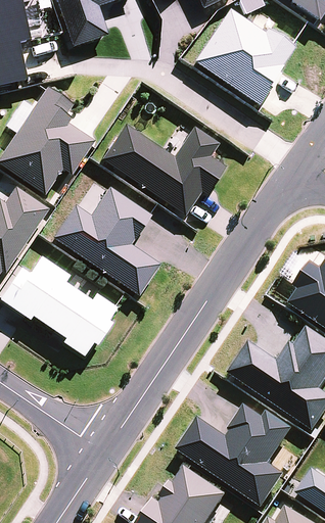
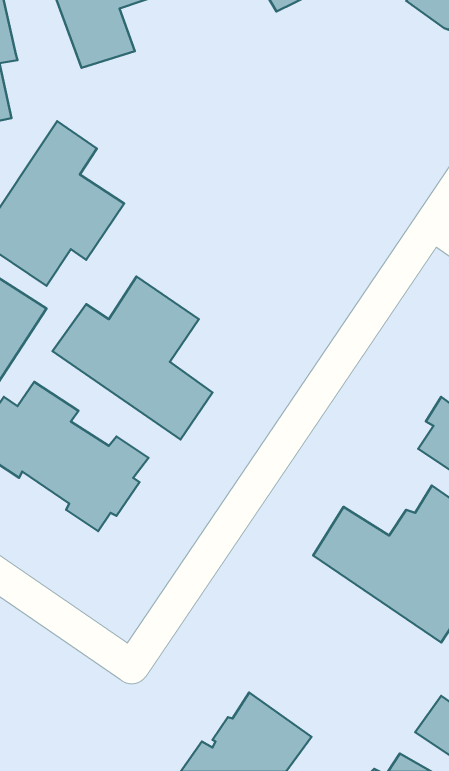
building: [194,8,294,104] -> none
building: [101,124,225,216] -> none
building: [183,406,287,498] -> none

